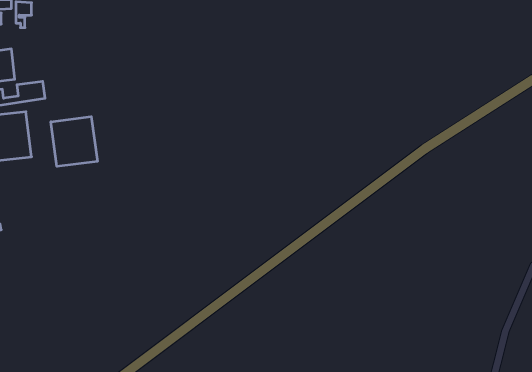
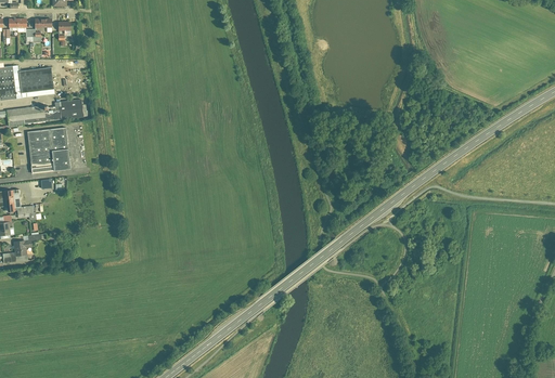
building: [51,117,97,166] -> none

